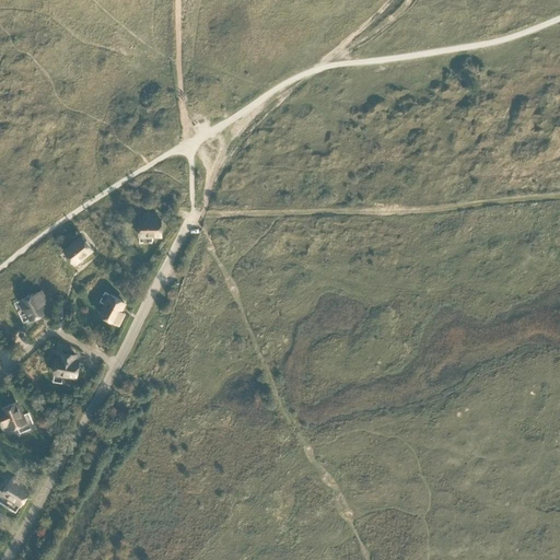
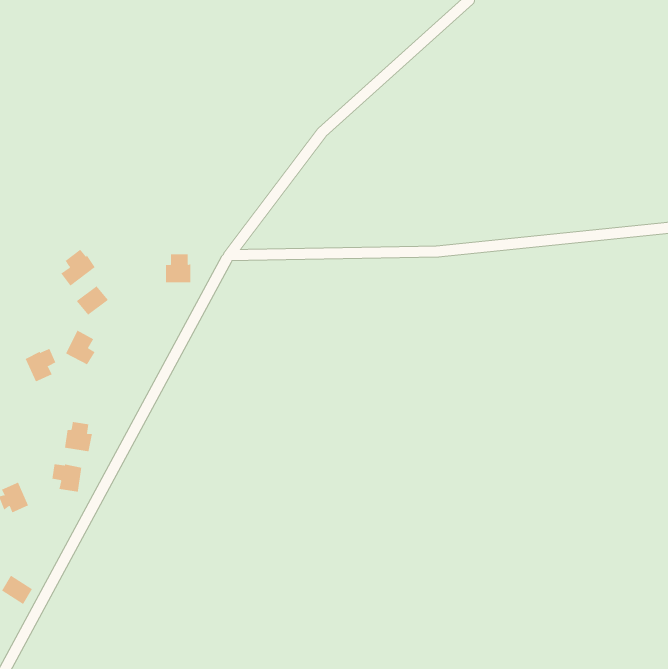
building: none -> [61,249,95,287]
building: [100,295,125,325] -> [65,330,95,365]
building: none -> [52,464,82,493]

